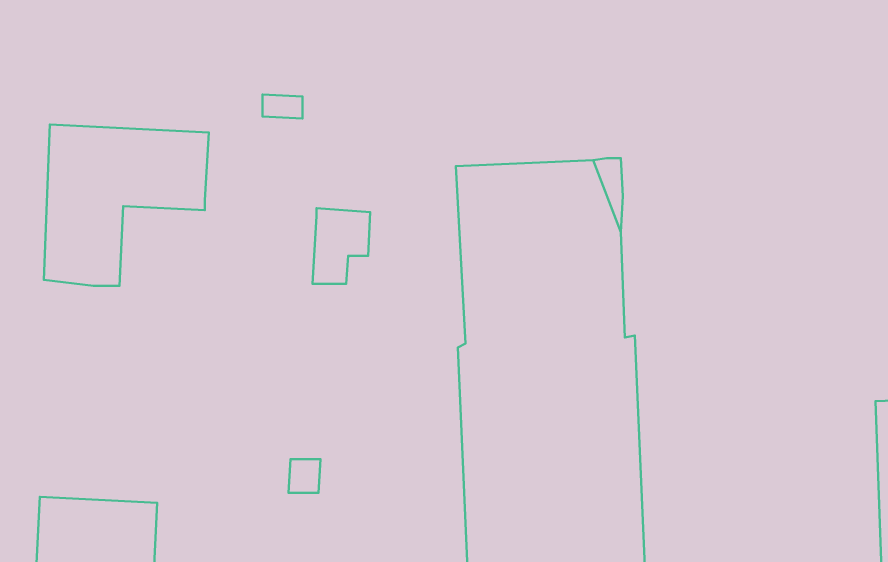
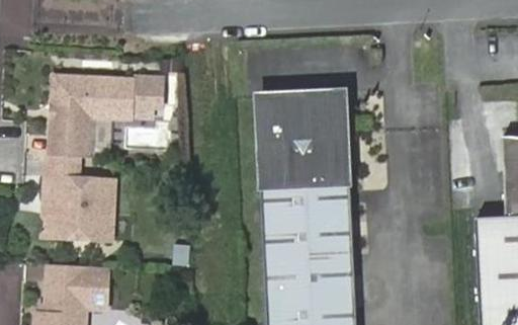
building: [312,208,370,284] -> [134,75,163,113]
building: none -> [45,155,111,240]

